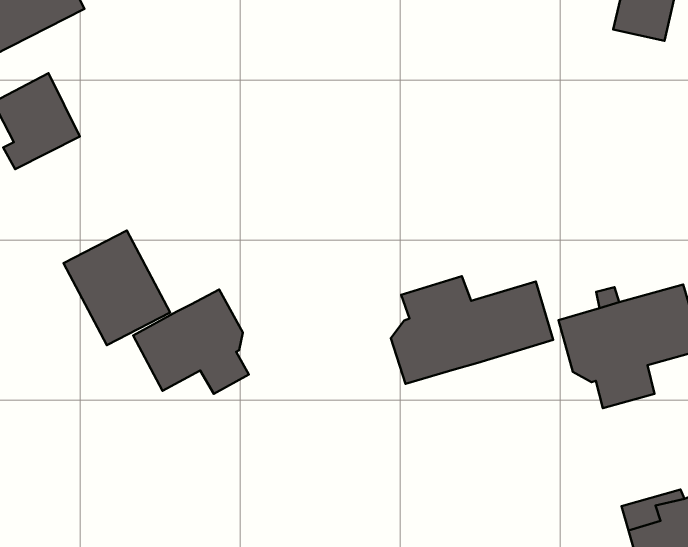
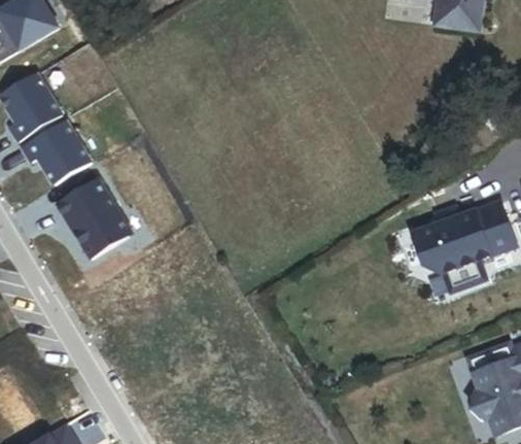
building: none -> [30,131,100,196]
building: [391,276,553,384] -> none
building: [133,290,249,394] -> none

